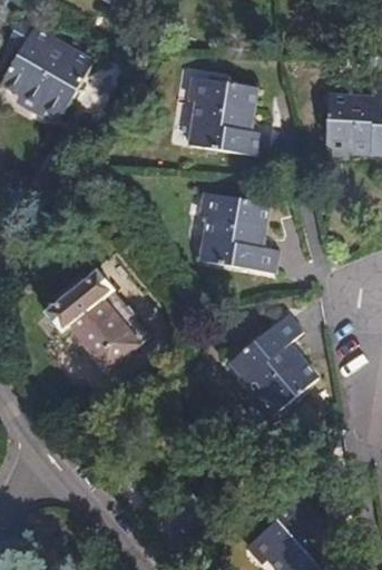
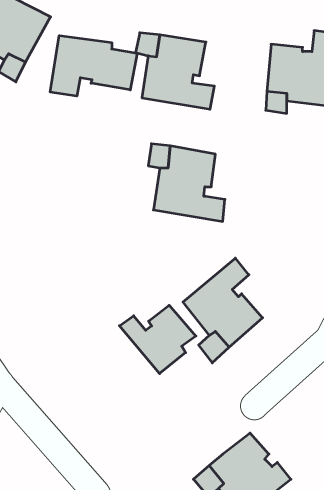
building: none -> [50,36,137,96]
building: [48,269,149,371] -> none
building: none -> [119,305,196,374]

